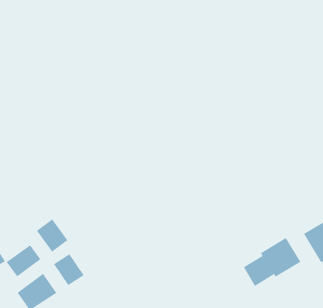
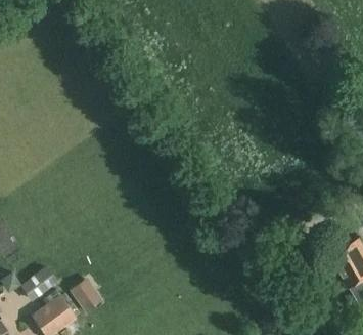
building: [36,218,68,253] -> none
building: [243,237,301,287] -> none

